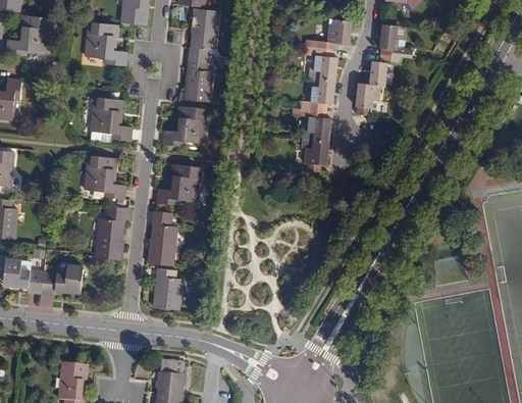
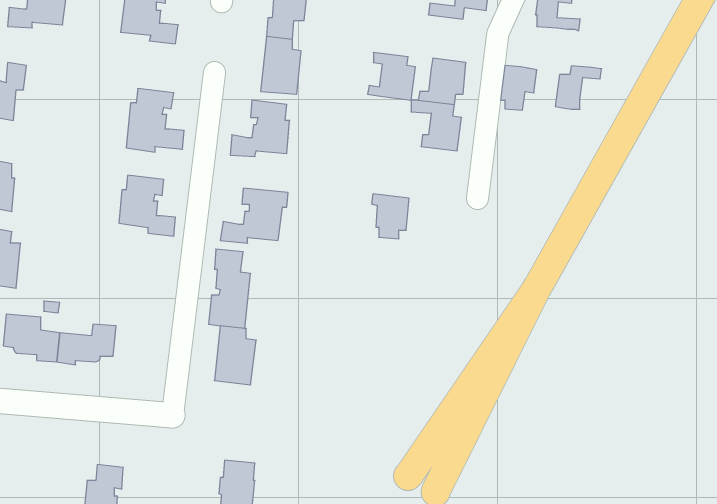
building: [299,45,332,79] -> [368,52,415,100]
building: [368,53,401,84] -> [555,66,602,109]
building: [297,138,323,169] -> [372,194,409,239]
building: [94,205,124,260] -> none

